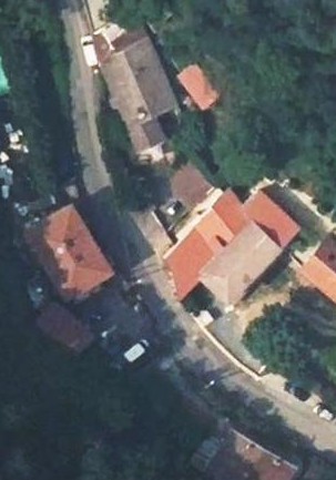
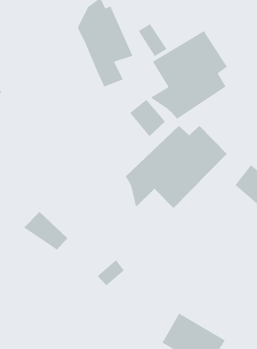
building: none -> [151,30,228,119]
building: [28,203,111,296] -> none

